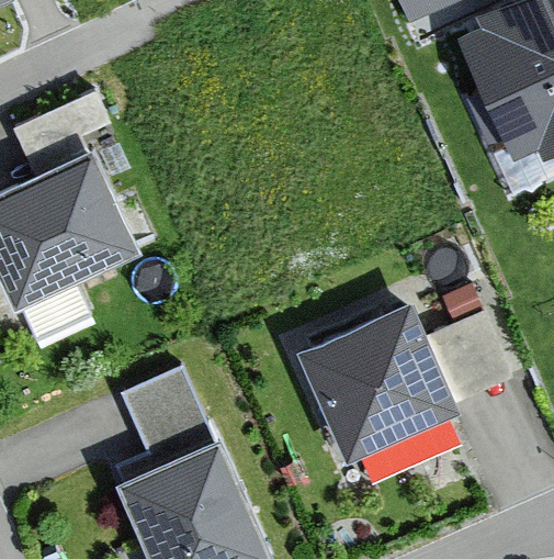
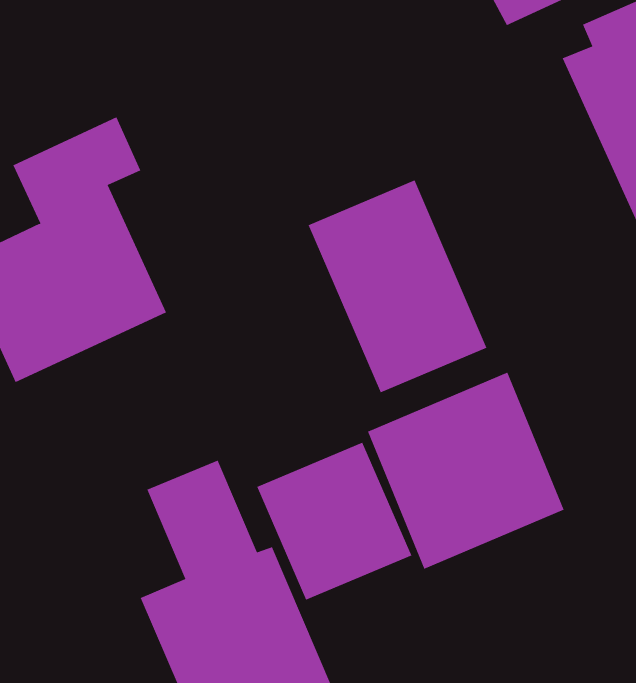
building: none -> [308,179,487,393]
building: none -> [257,442,412,601]

